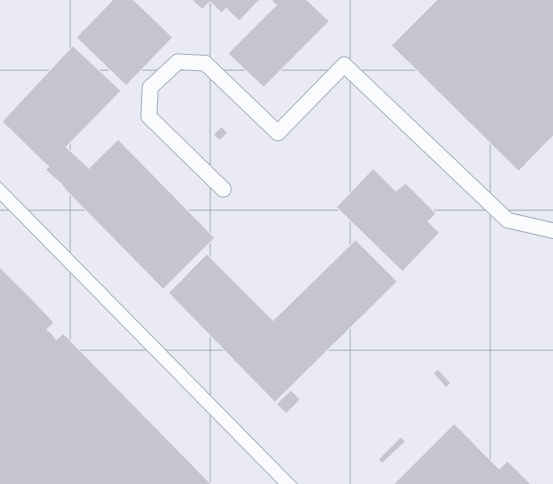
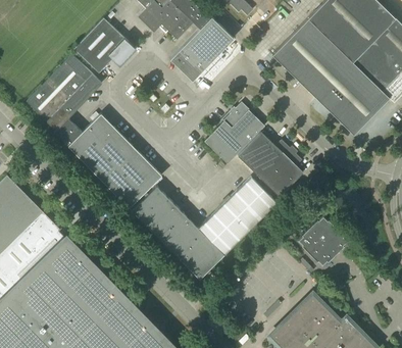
building: none -> [204,102,264,164]
building: none -> [298,216,347,264]

